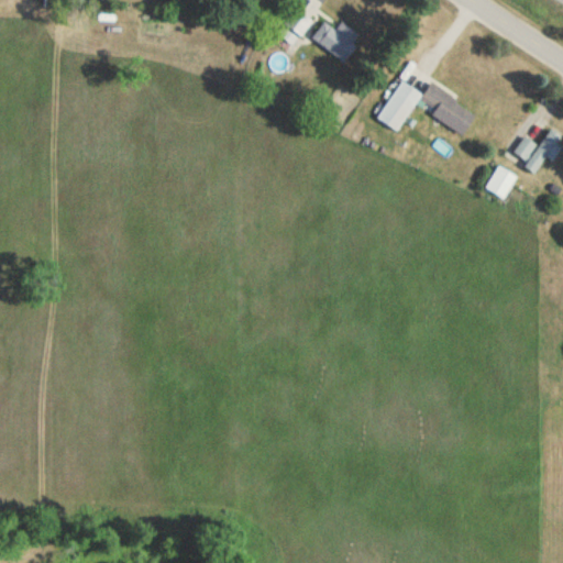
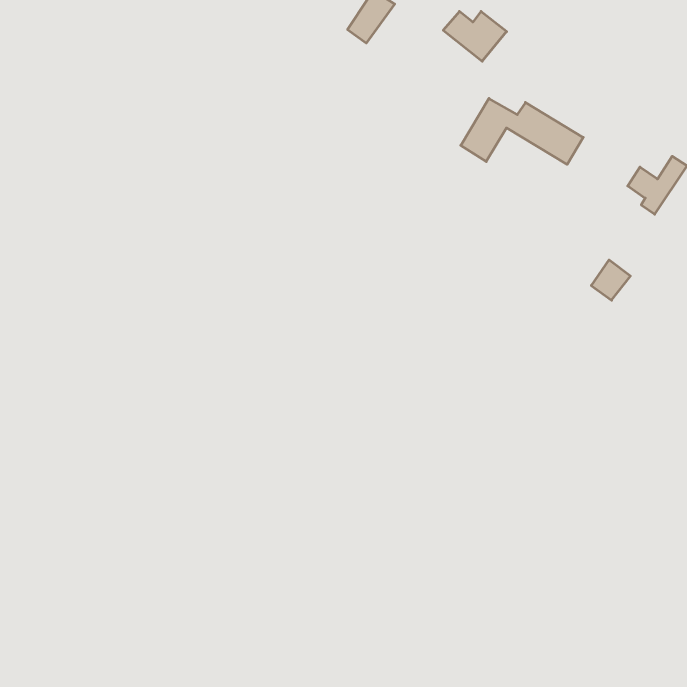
building: [311,22,363,63] -> [443,11,507,61]
building: [485,165,517,198] -> [591,260,630,300]

